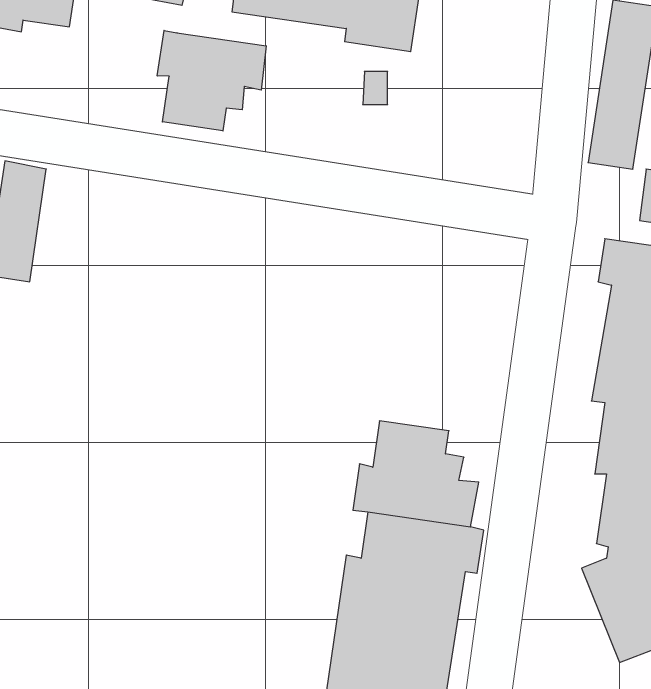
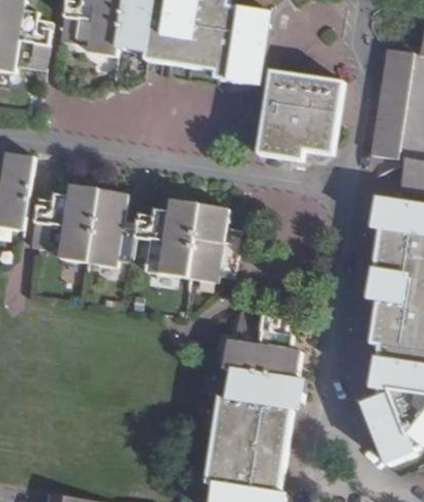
building: [157,30,266,131] -> none
building: none -> [262,72,343,159]
building: none -> [33,184,237,280]

